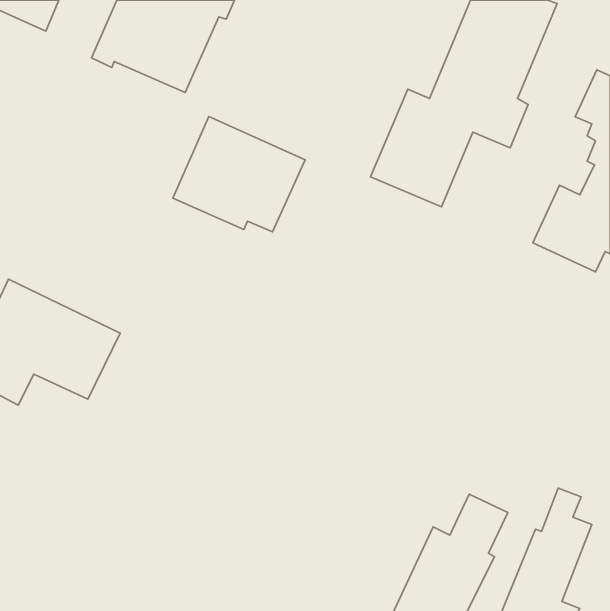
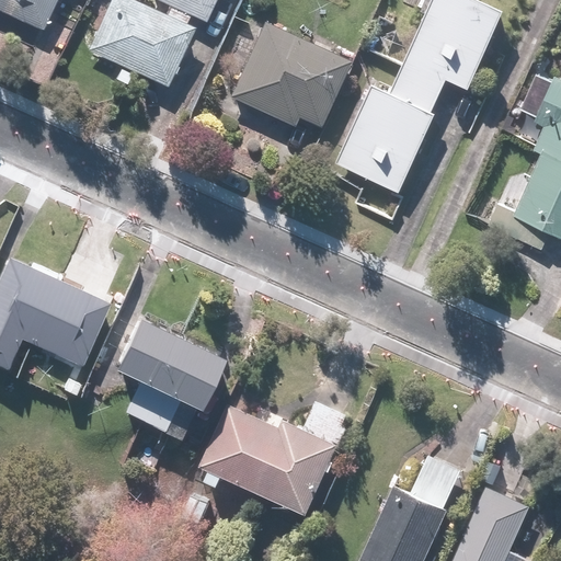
building: [173,117,305,232] -> [228,22,348,127]
building: none -> [104,316,226,436]
building: none -> [201,402,352,512]

